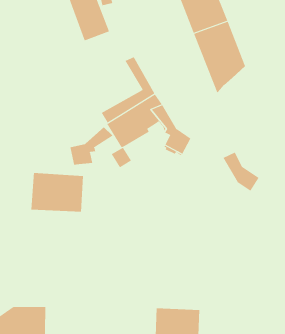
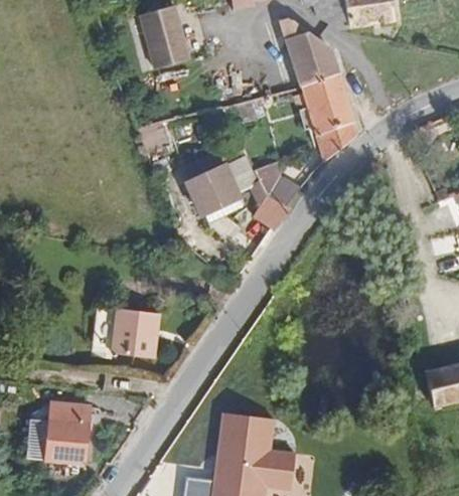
building: [70,126,114,166] -> none
building: [222,152,259,192] -> [253,159,296,209]
building: [31,173,84,212] -> [91,304,159,357]

